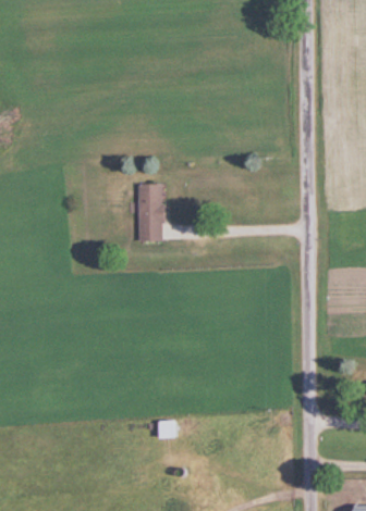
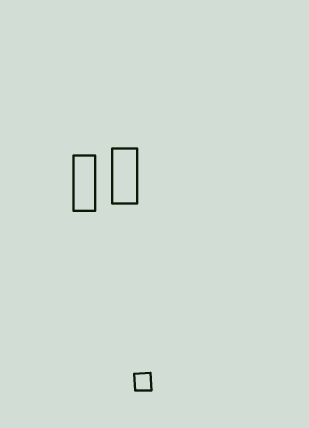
building: none -> [73,156,95,211]

